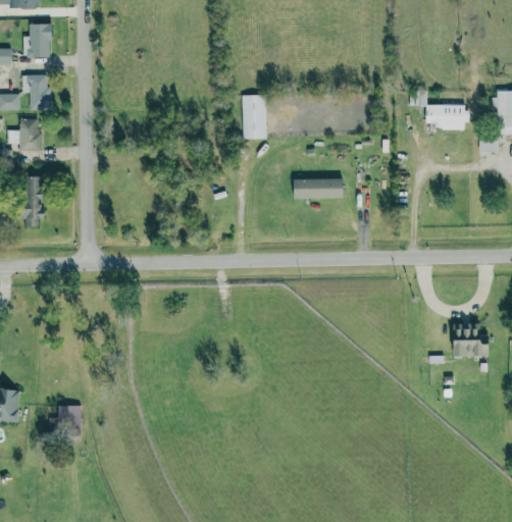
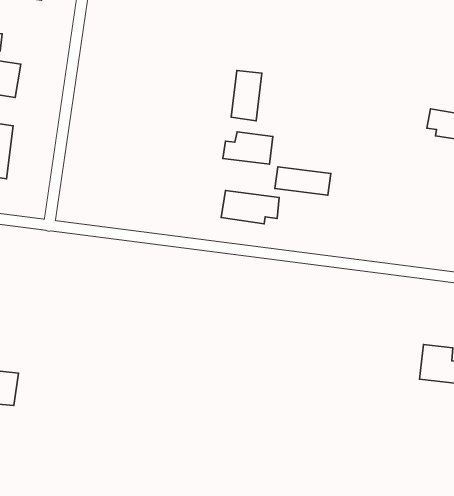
building: [21,73,50,110] -> none
building: none -> [223,132,273,164]
building: none -> [221,191,279,224]

